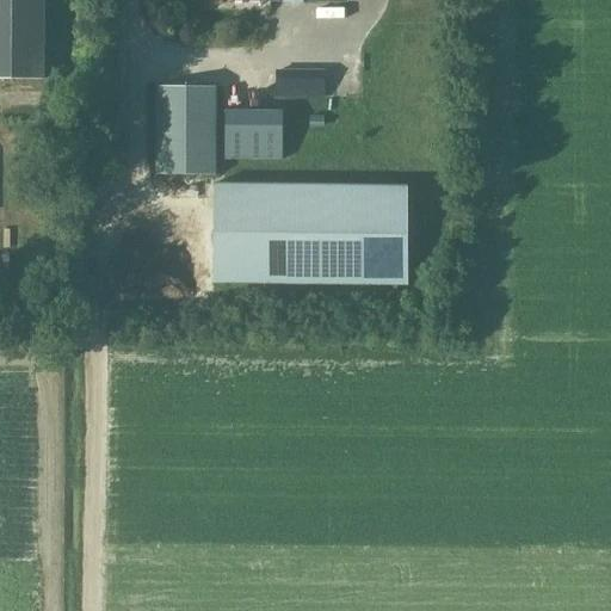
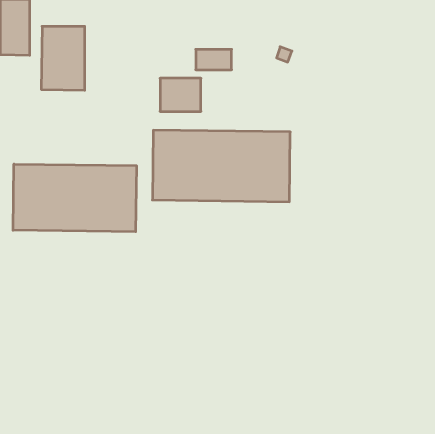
building: [154,85,215,174] -> [41,26,85,90]
building: none -> [13,164,136,232]

